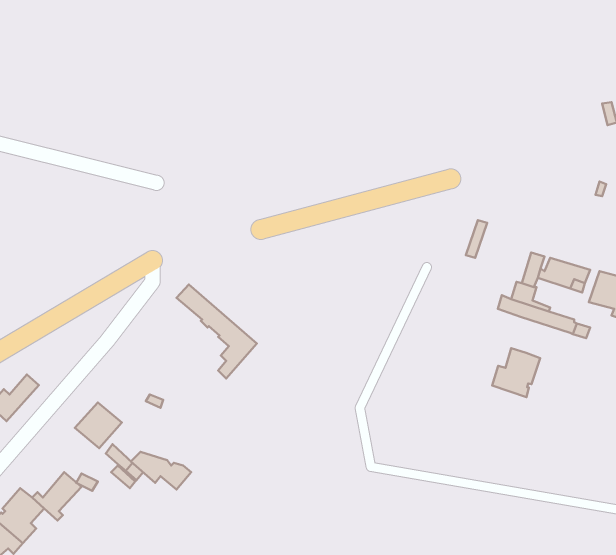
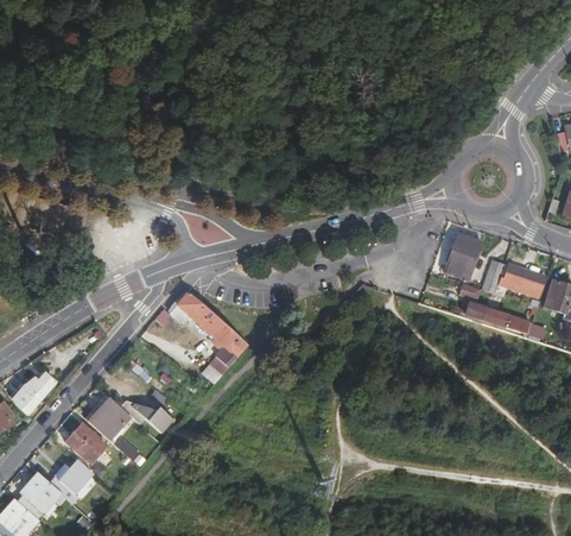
building: none -> [444,233,481,280]
building: [492,348,540,397] -> none
building: none -> [65,422,104,460]
building: [131,452,191,489] -> [120,396,173,429]

